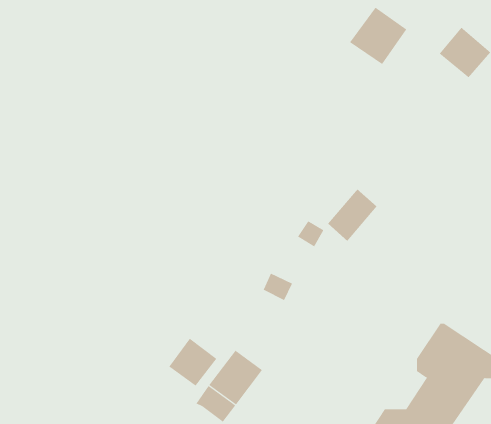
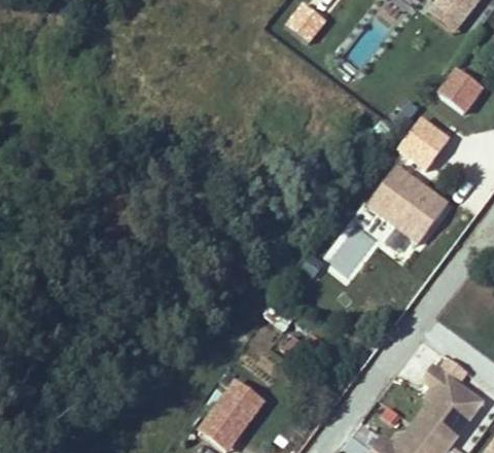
building: [349,7,407,65] -> [394,117,450,173]
building: none -> [363,165,449,247]
building: [168,338,217,386] -> none

